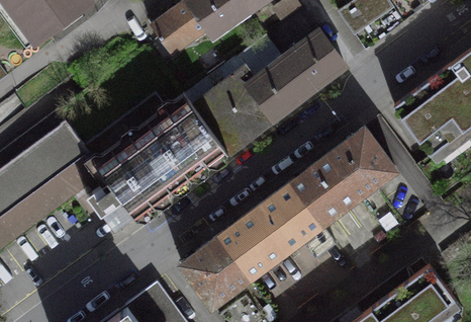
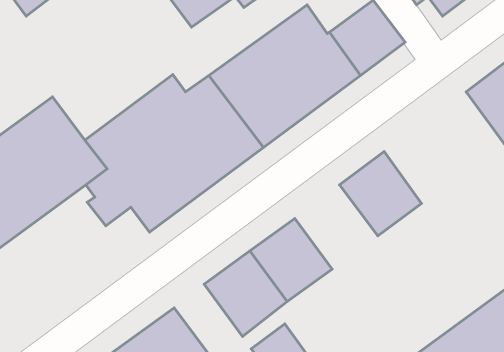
building: [328,128,396,197] -> none
building: [256,182,338,256] -> none

